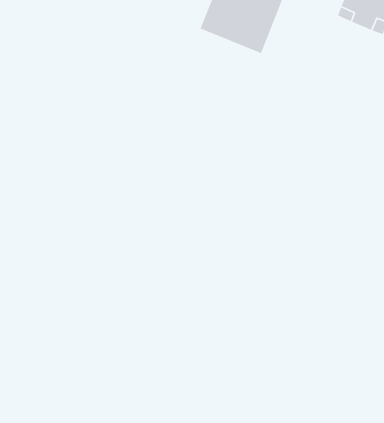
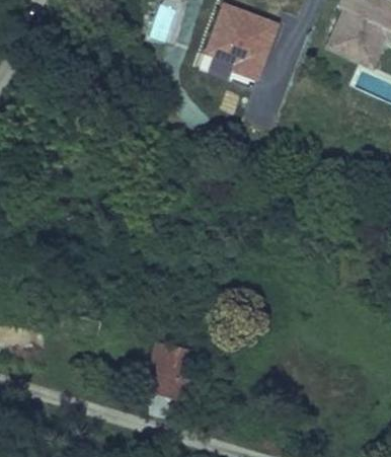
building: none -> [153,342,198,401]

